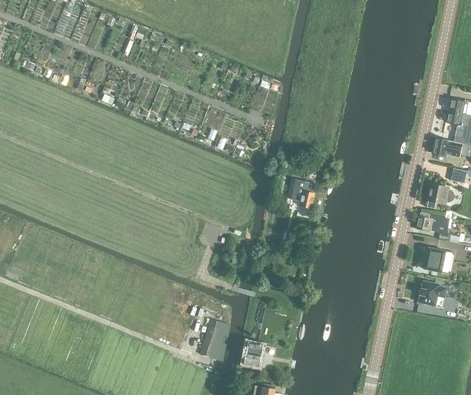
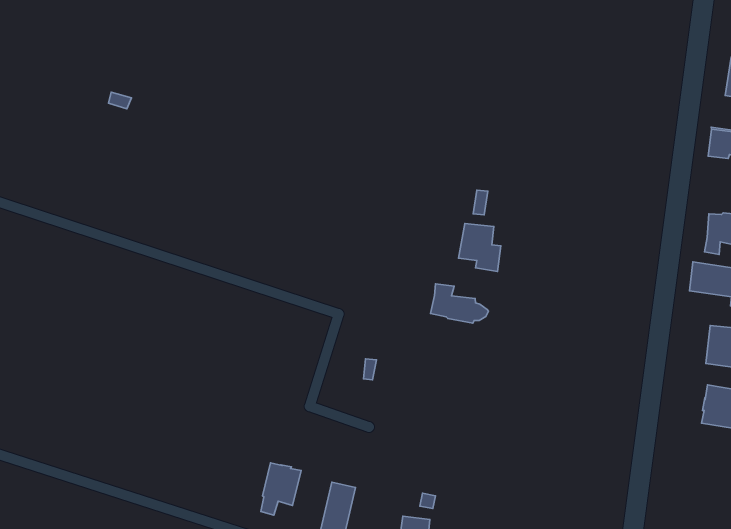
building: none -> [430,284,489,323]
building: none -> [261,463,301,515]

